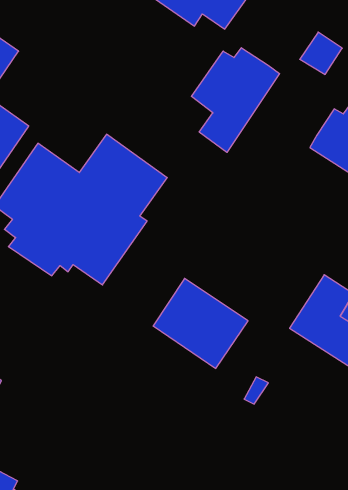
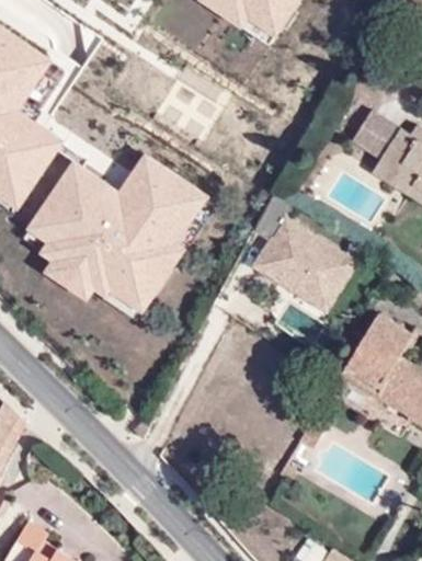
building: [300,32,342,74] -> [346,108,392,154]
building: [191,48,280,152] -> none
building: [153,278,248,368] -> [254,216,357,313]

